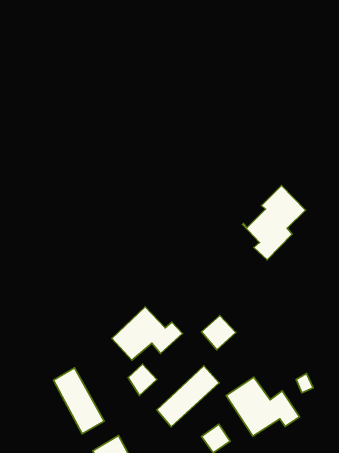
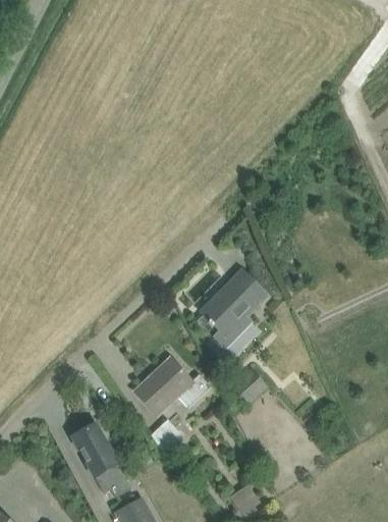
building: [242,185,305,260] -> [200,268,267,348]
building: [157,366,219,427] -> none
building: [226,377,300,436] -> none

